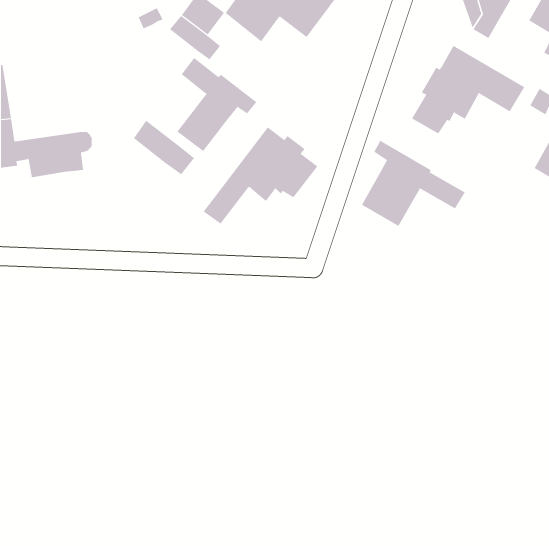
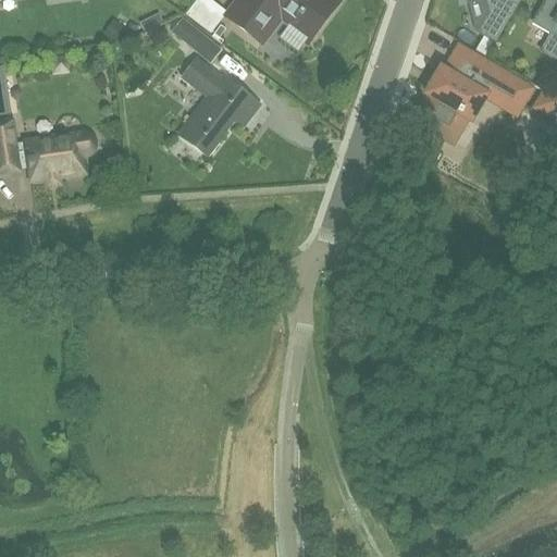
building: [133,120,195,175] -> none
building: [203,127,318,225] -> none
building: [361,140,465,227] -> none

